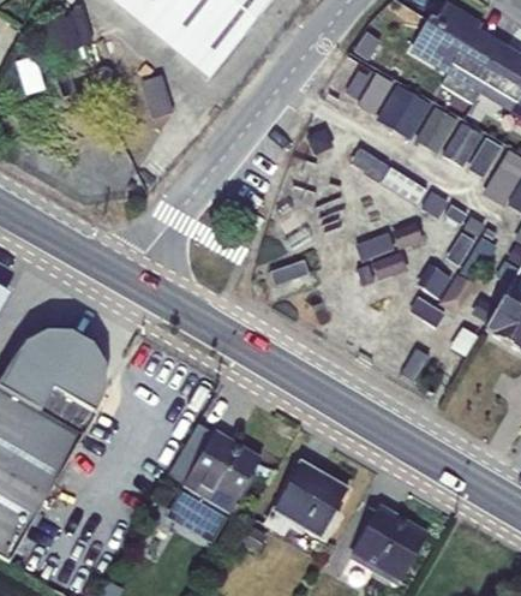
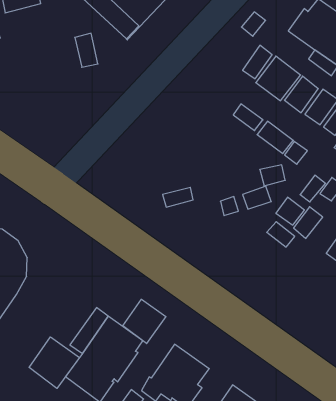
building: none -> [123,299,166,344]
building: none -> [29,337,79,388]

